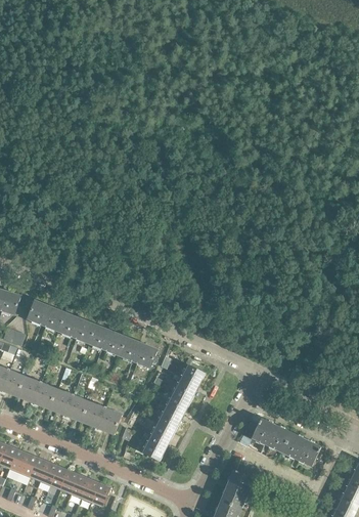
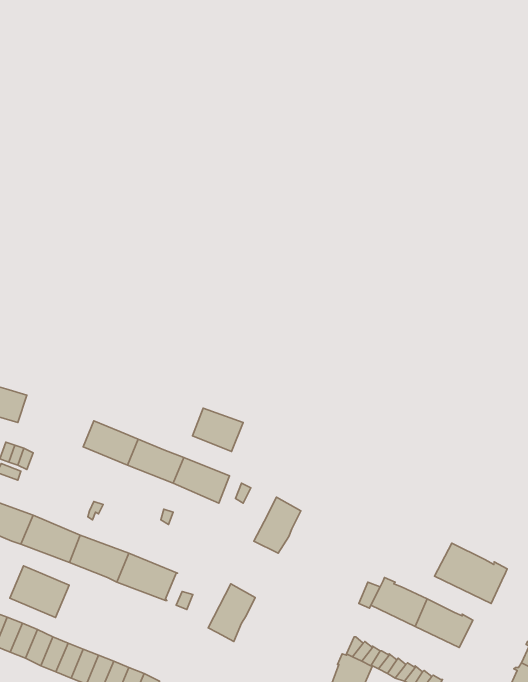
building: [28,300,65,330] -> none
building: none -> [193,408,243,451]
building: [158,393,189,431] -> none
building: none -> [435,543,507,604]
building: none -> [10,566,69,617]

